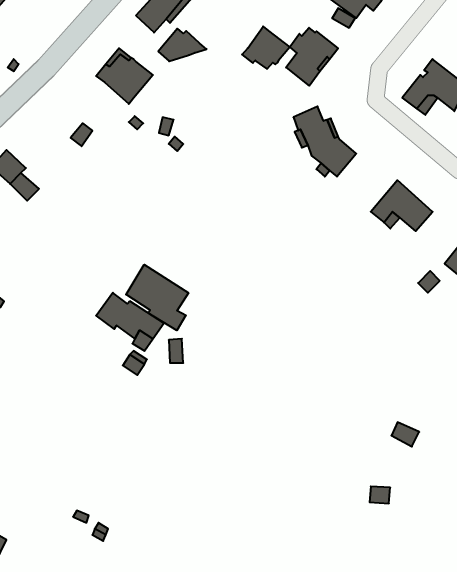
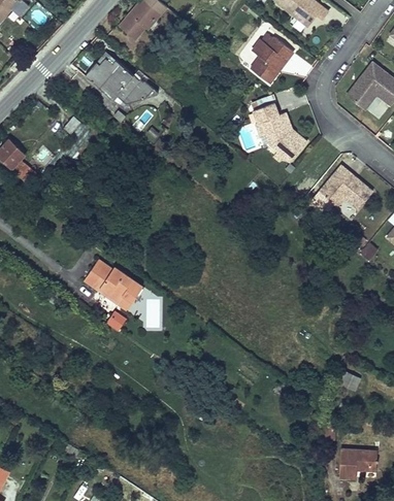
building: [242,26,290,69] -> none
building: [158,29,207,61] -> [118,74,159,102]
building: [126,265,188,330] -> none
building: none -> [339,448,372,477]

